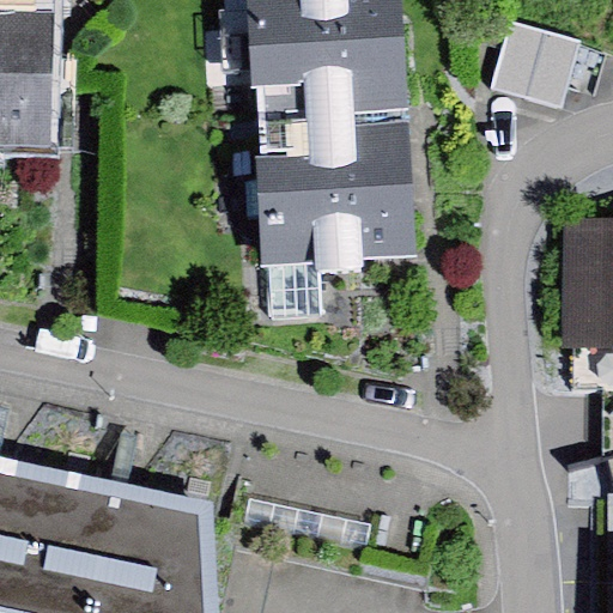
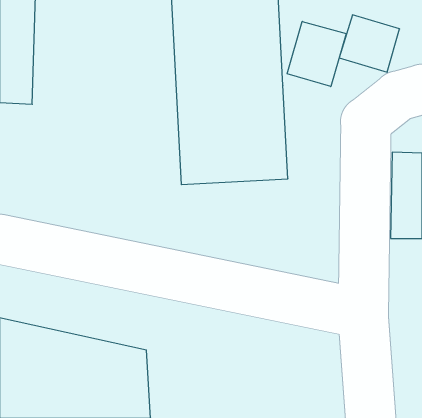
building: none -> [287,21,346,87]

